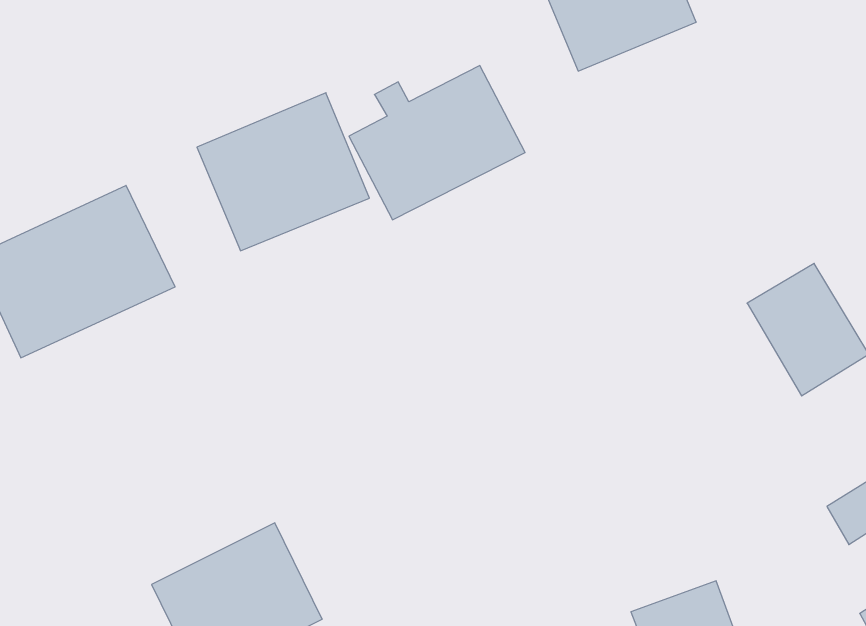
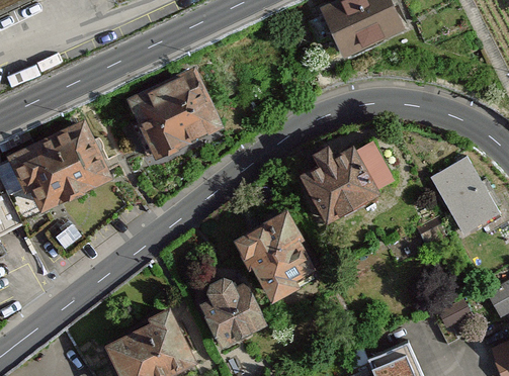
building: [349,66,525,220] -> [299,134,397,220]
building: none -> [231,207,314,301]
building: none -> [200,270,262,346]

